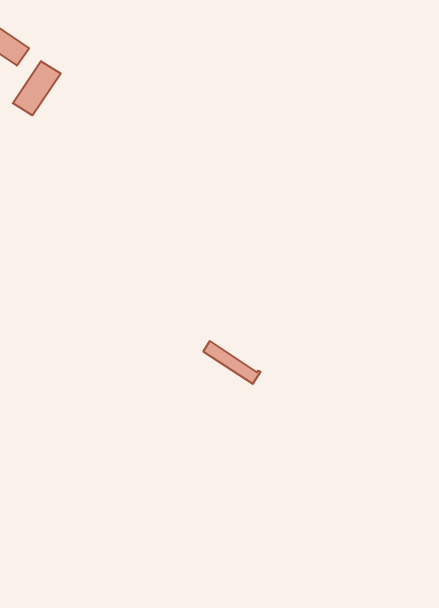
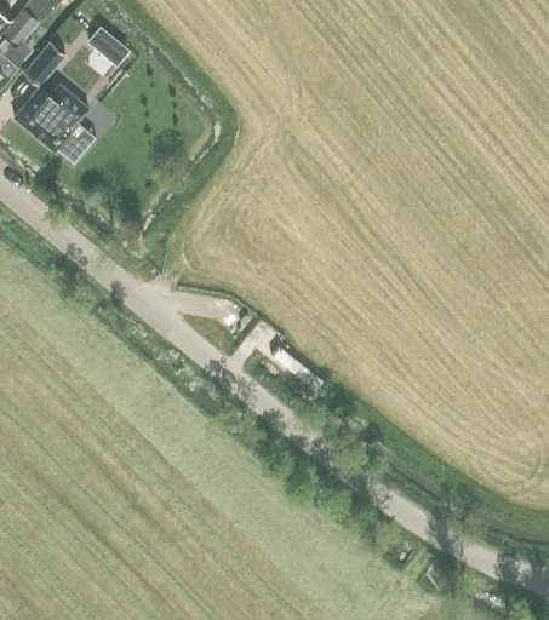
building: [13,61,61,115] -> none

